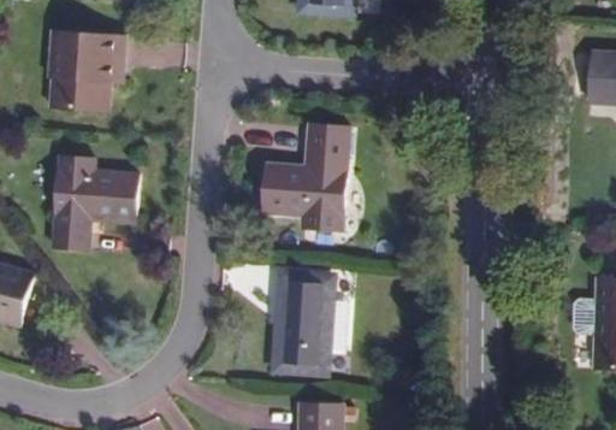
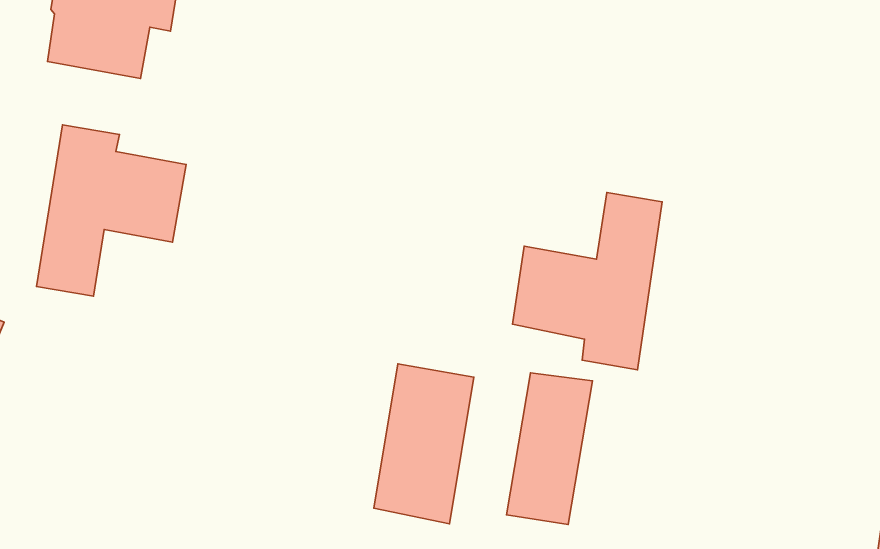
building: [265,124,350,232] -> [513,193,662,370]
building: none -> [507,373,592,524]

